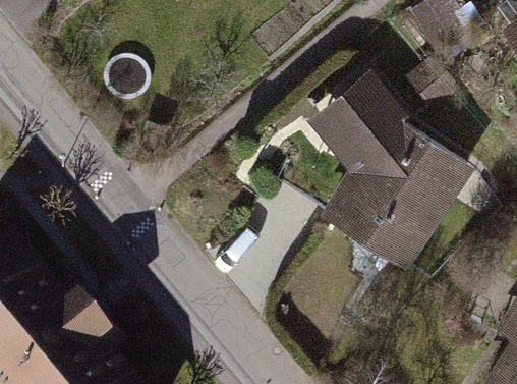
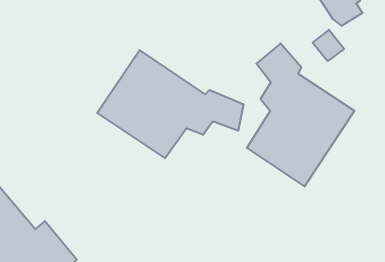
building: none -> [97,50,243,158]

